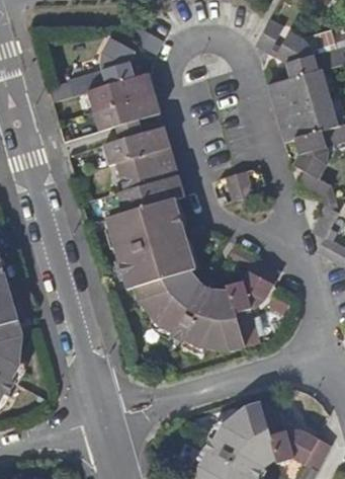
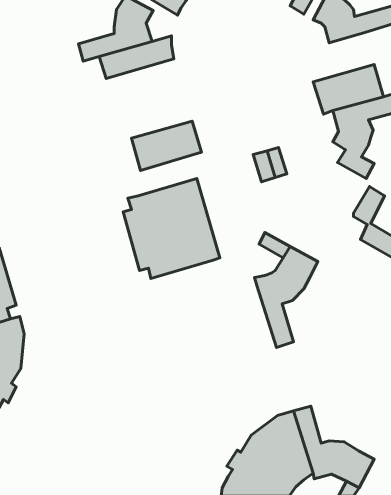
building: [268,69,330,112] -> none
building: [94,92,160,130] -> none
building: [103,126,170,164] -> none
building: [116,174,184,213] -> none
building: [134,269,244,350] -> none

